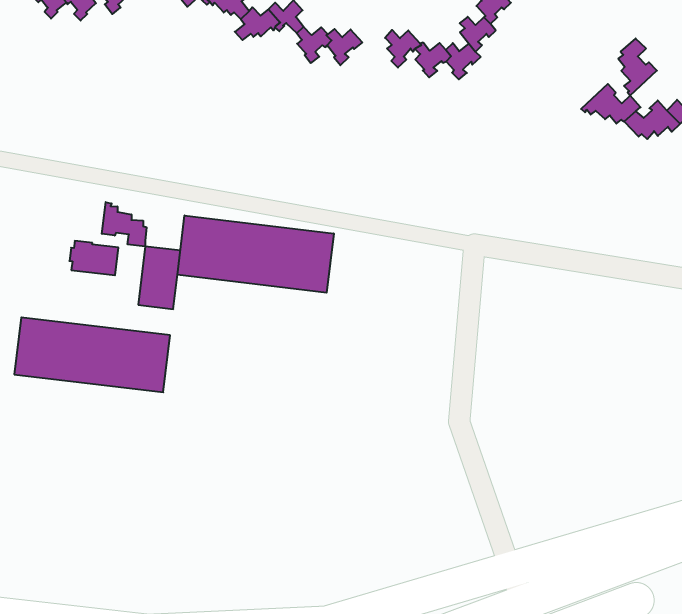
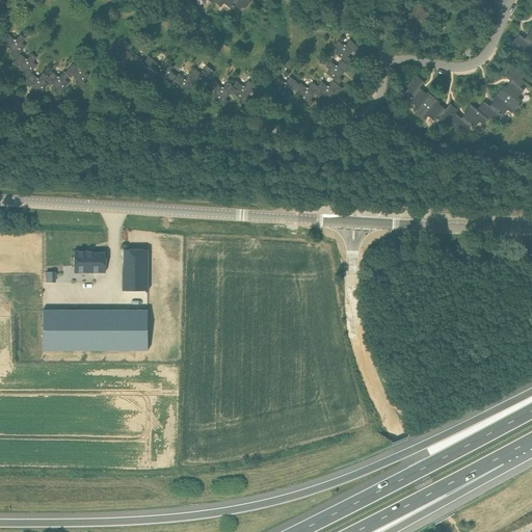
building: [618,38,657,96] -> [405,75,433,115]
building: [102,202,147,246] -> none
building: [177,215,334,293] -> none

